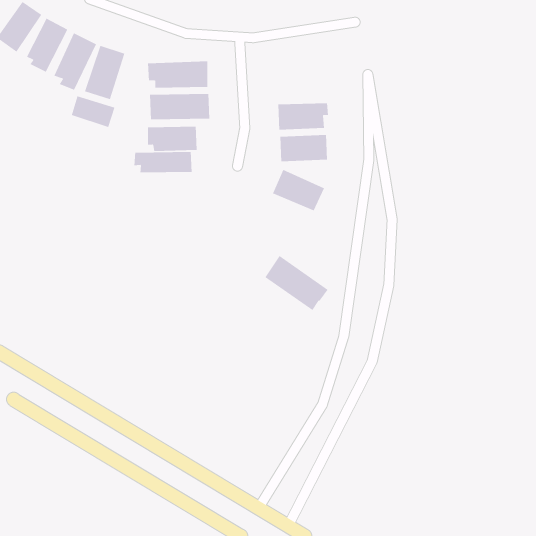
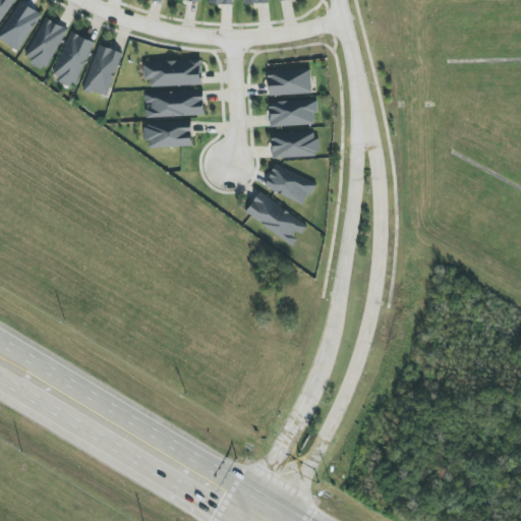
building: none -> [267,68,312,95]
building: [71,96,115,128] -> none
building: [134,151,192,173] -> none
building: [264,255,328,311] -> [245,191,307,245]

